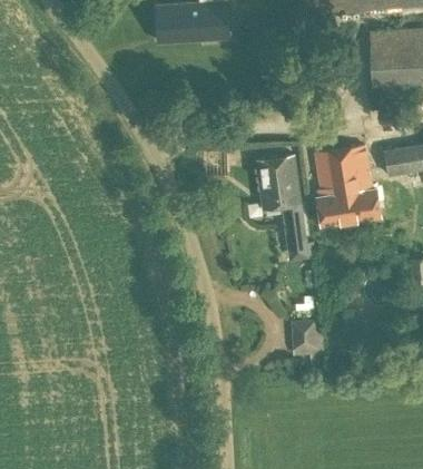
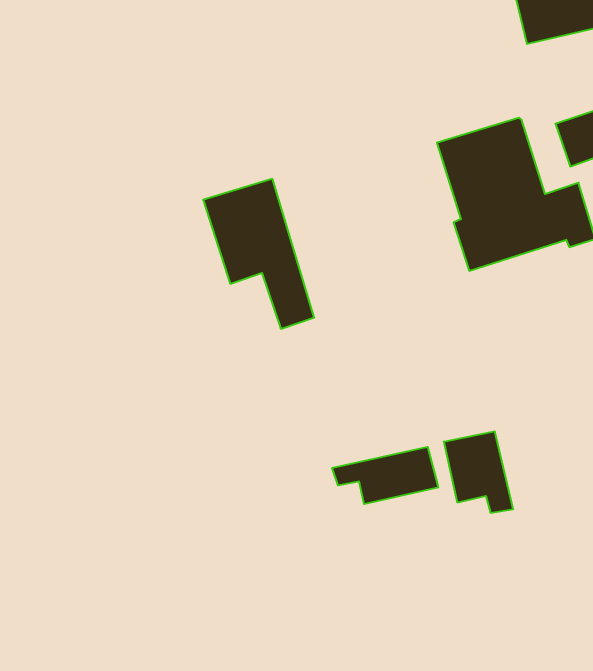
building: [255,155,307,241] -> [203,179,314,329]
building: none -> [332,447,438,504]

